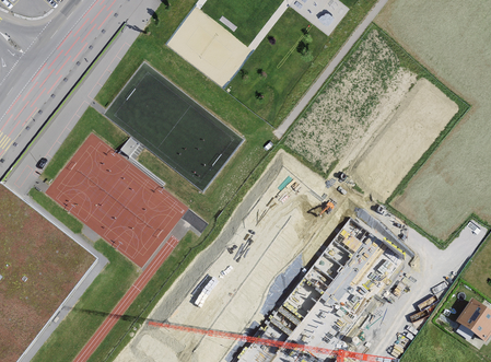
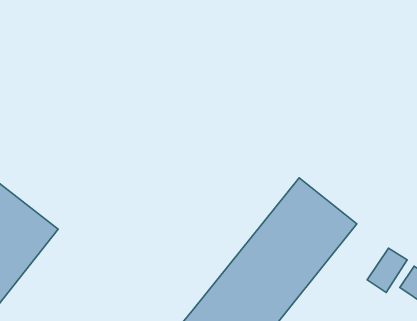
building: none -> [367,248,407,293]

